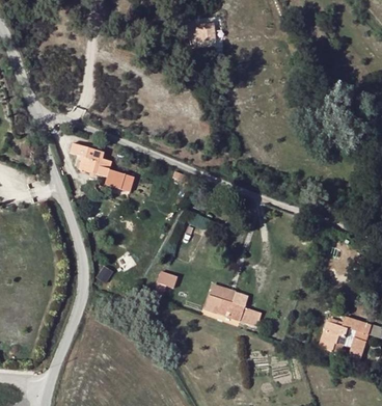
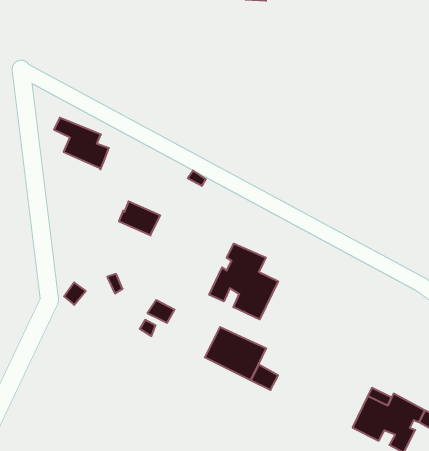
building: [105,170,135,193] -> [119,201,160,235]
building: none -> [209,244,278,319]

